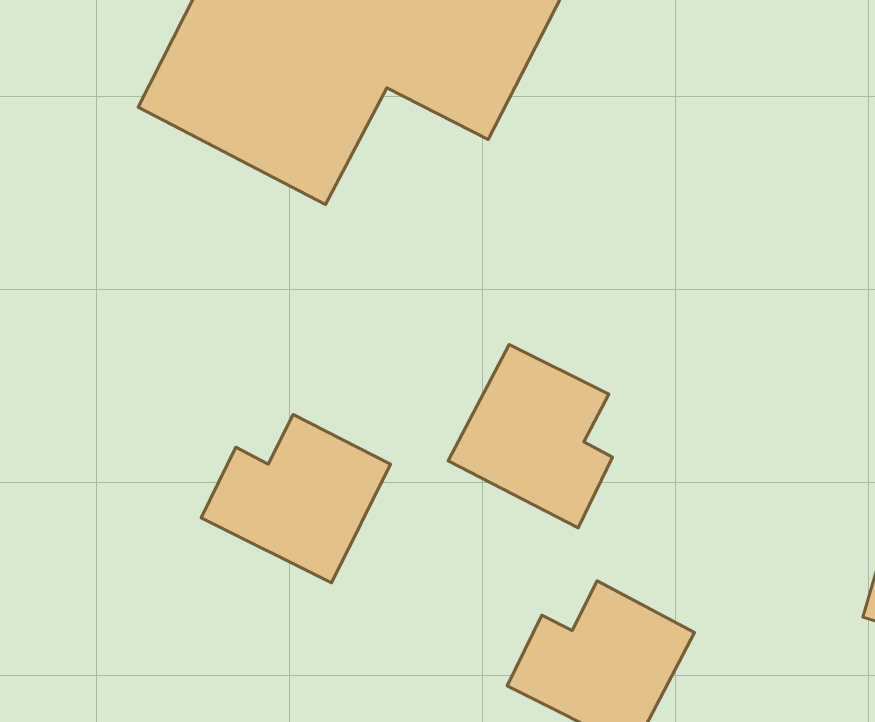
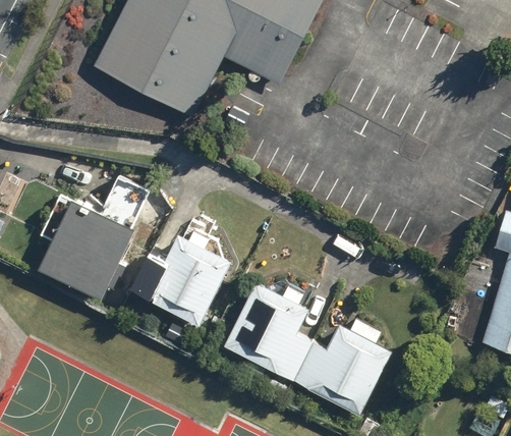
building: none -> [38,172,152,294]
building: [448,344,613,528] -> [223,280,310,378]

